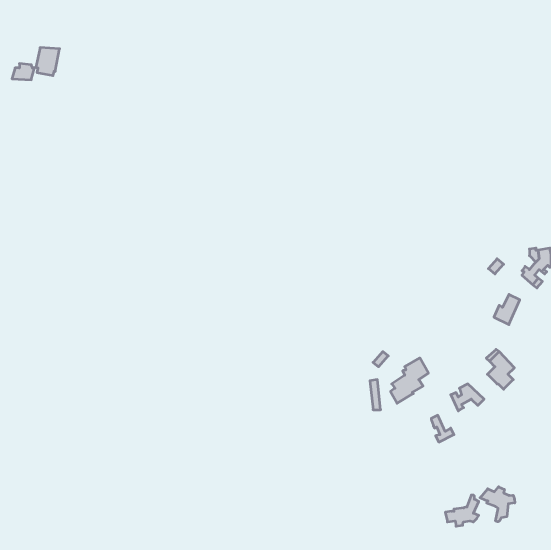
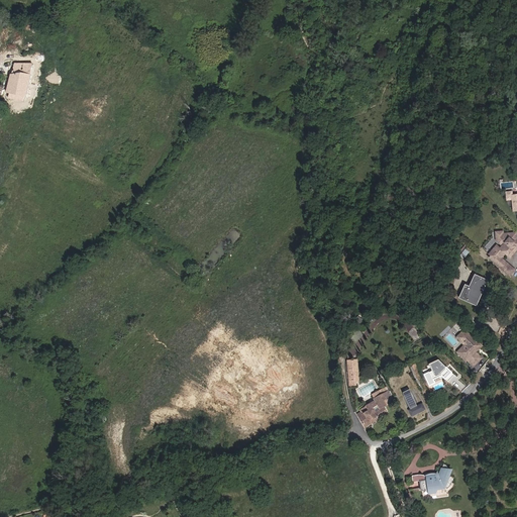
building: [36,48,60,76] -> [7,74,29,100]
building: [391,358,428,403] -> [358,385,394,427]
building: [480,487,515,522] -> none

